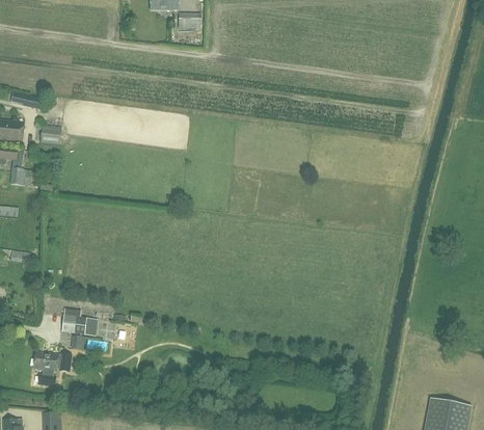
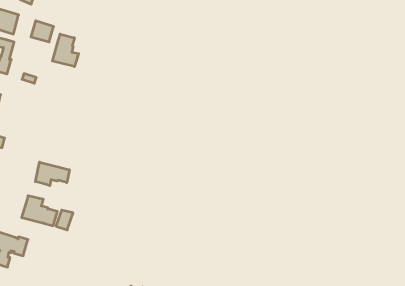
building: none -> [52,34,79,67]
building: none -> [35,162,69,186]

